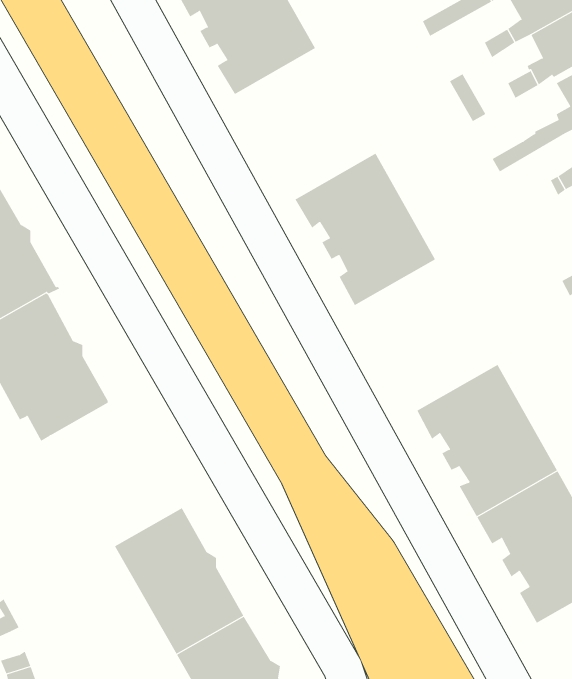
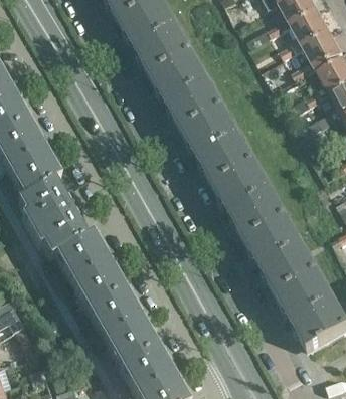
building: none -> [151,52,224,131]
building: none -> [213,162,288,240]
building: none -> [55,231,124,311]

